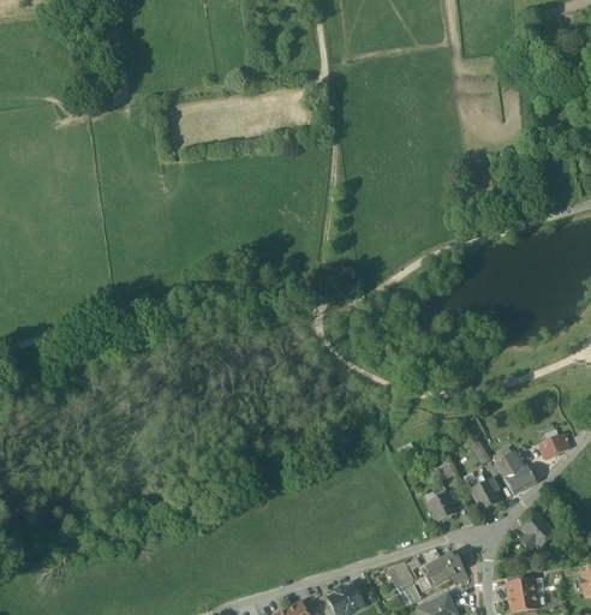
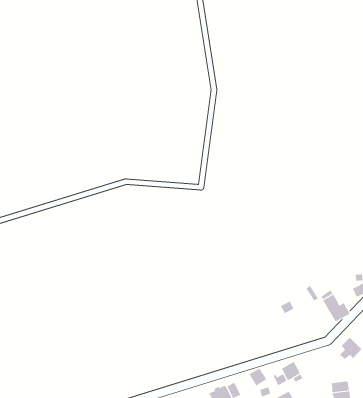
building: [466,473,500,510] -> none
building: [426,489,455,521] -> none

